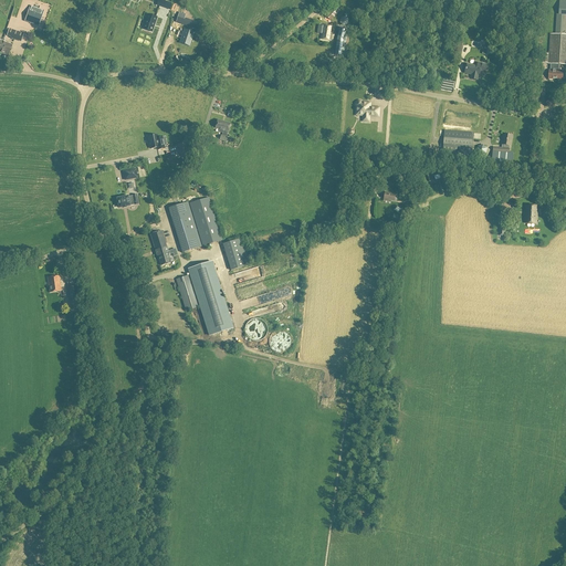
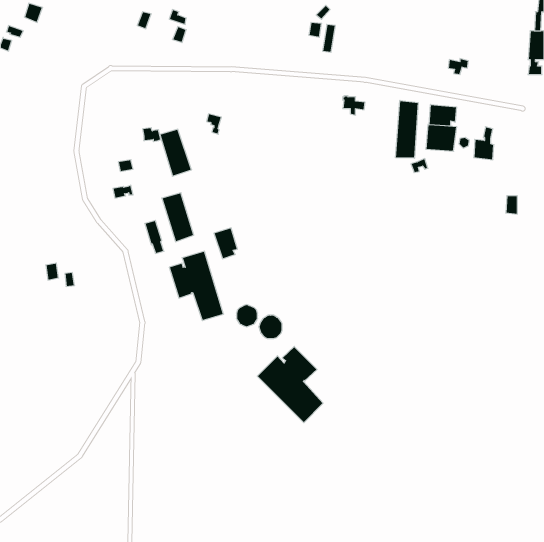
building: none -> [396,100,418,158]
building: none -> [429,104,456,126]
building: [189,196,222,244] -> [160,129,192,176]
building: none -> [257,346,323,423]

